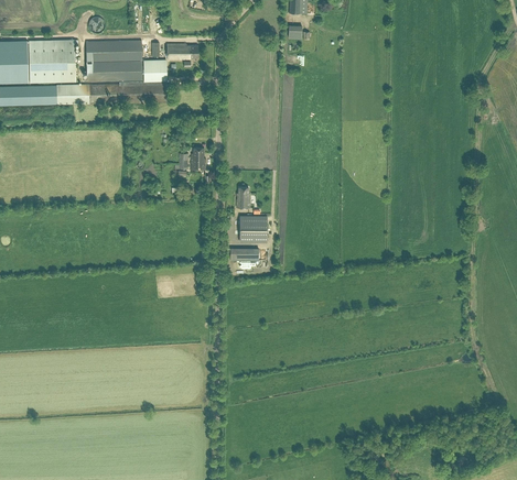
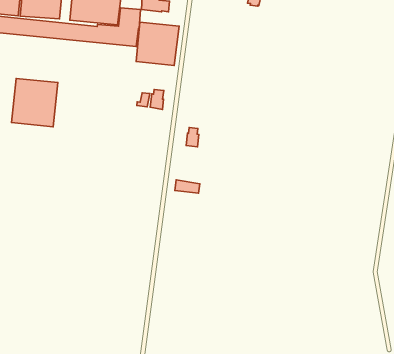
building: none -> [136,22,179,66]
building: none -> [12,78,58,127]
building: [239,216,267,241] -> none

